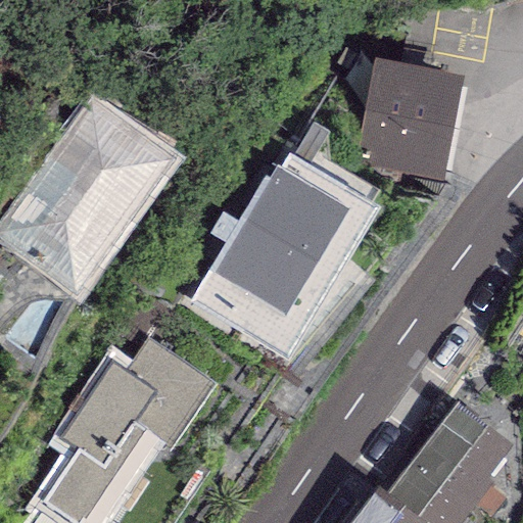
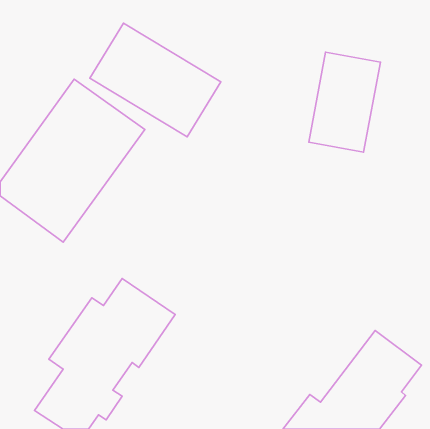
building: none -> [90,23,221,137]
building: [190,152,378,358] -> none

